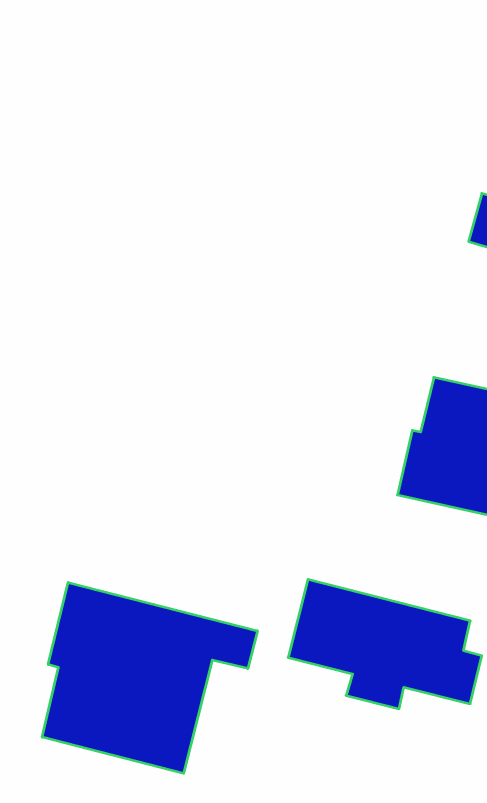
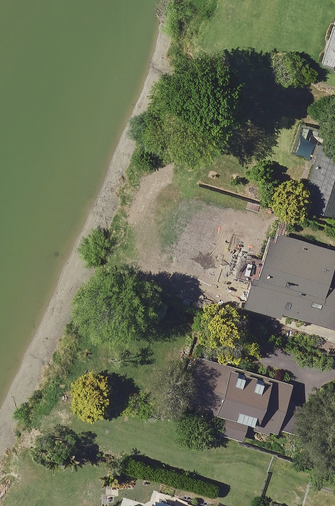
building: [42,582,257,773] -> none

